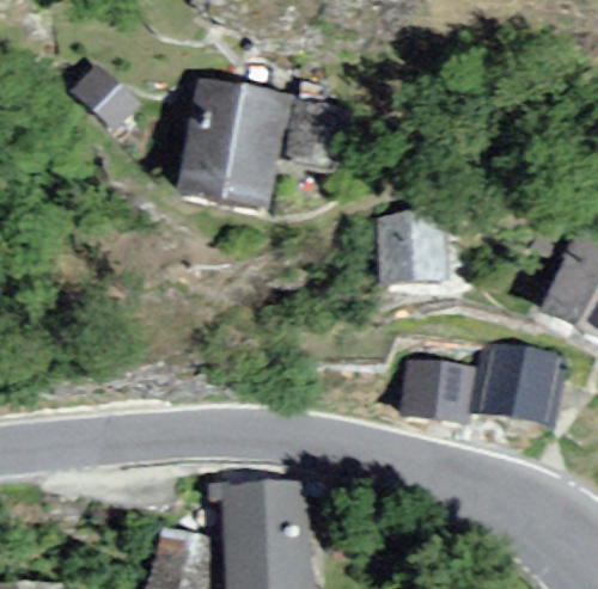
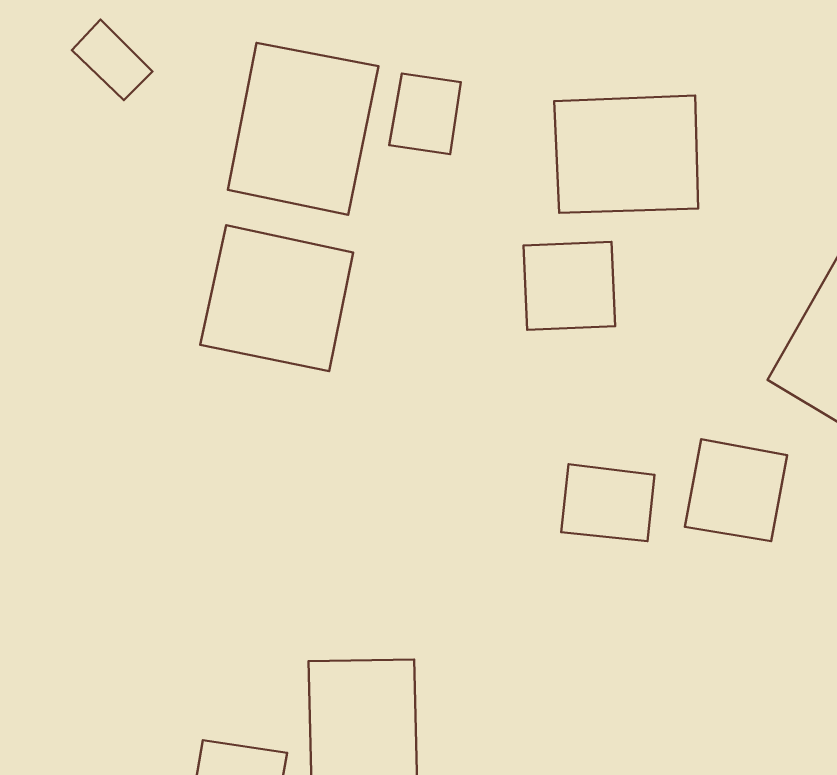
building: none -> [554,96,698,213]
building: none -> [200,225,353,371]

